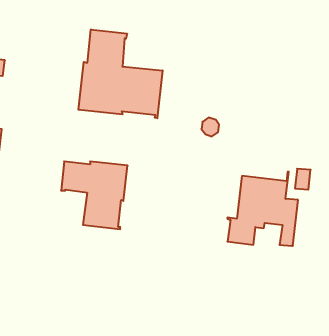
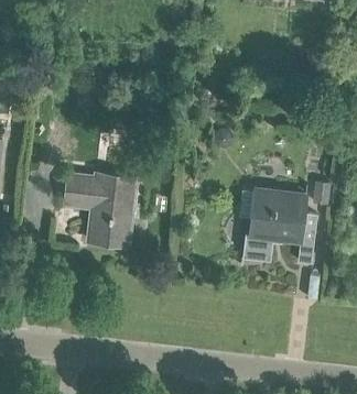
building: [78,29,163,118] -> none

